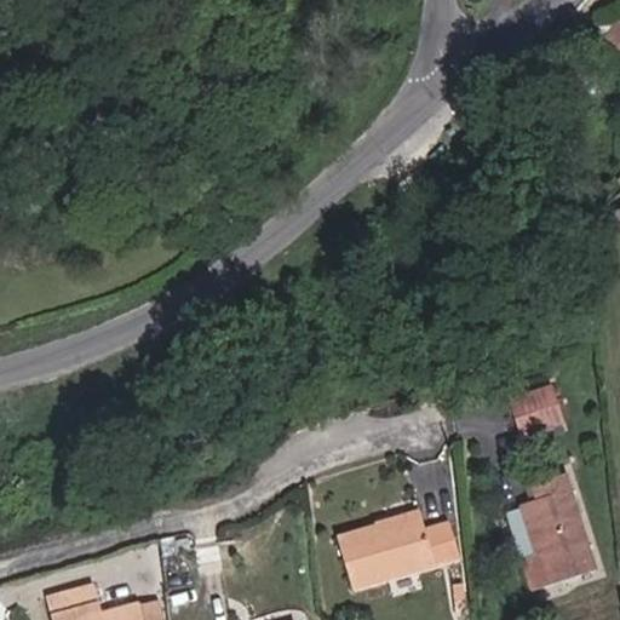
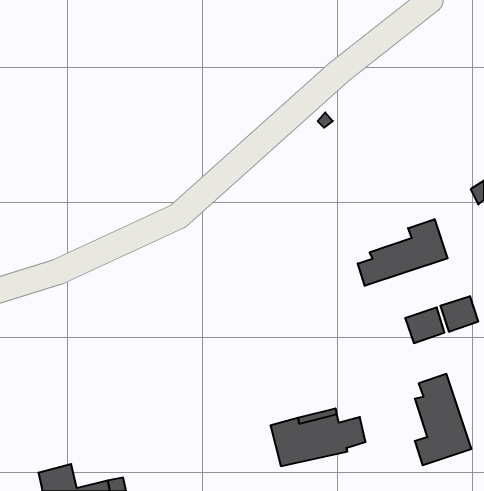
building: none -> [358,219,448,286]
building: none -> [440,296,478,332]

